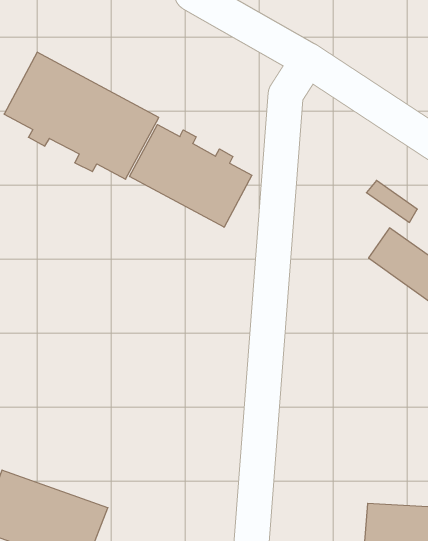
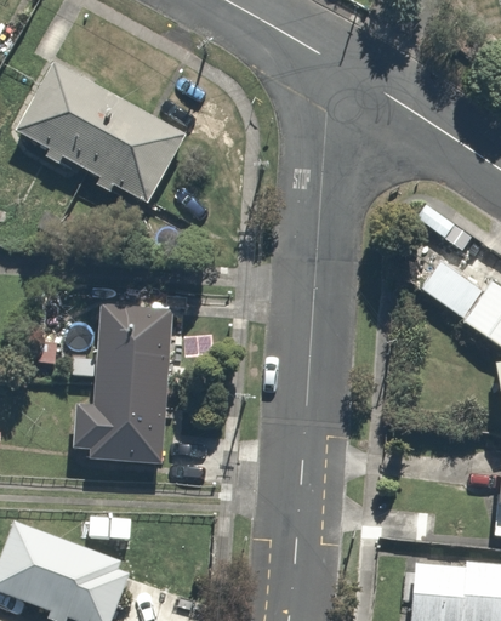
building: [130,125,252,227] -> none
building: none -> [72,306,171,467]

